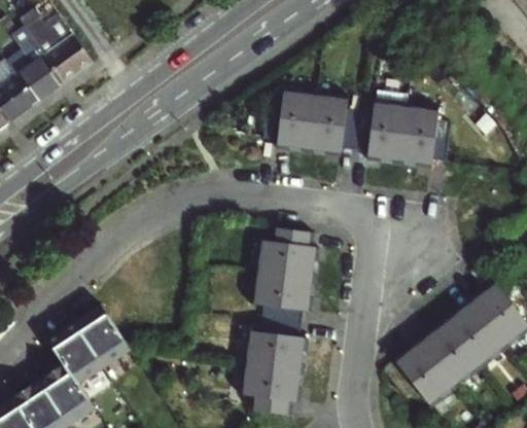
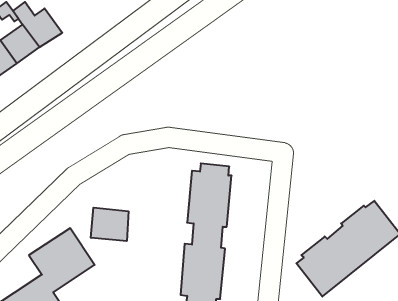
building: [259,92,443,159] -> none
building: none -> [91,208,128,241]

